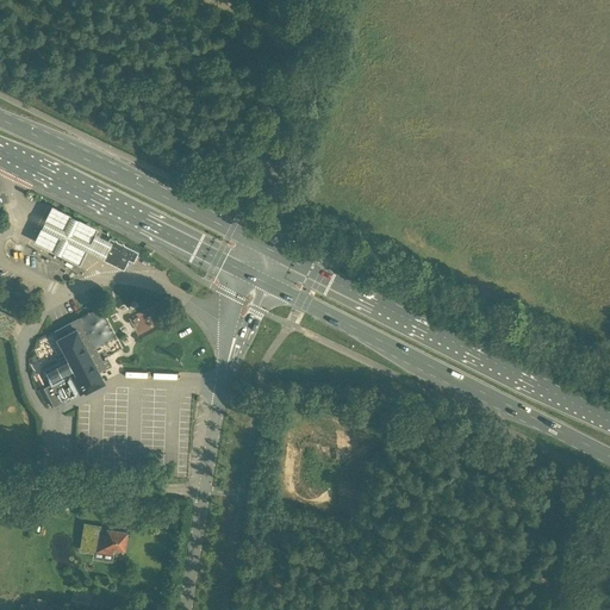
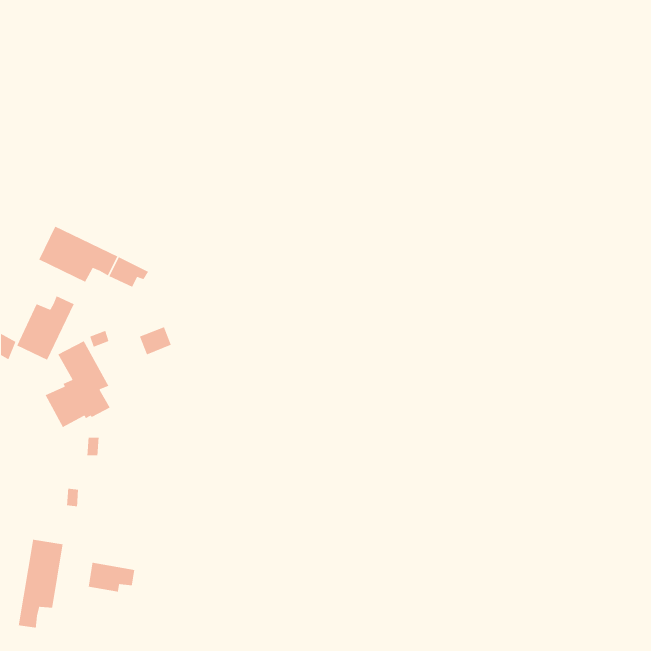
building: none -> [16,295,75,361]
building: none -> [18,539,63,628]

